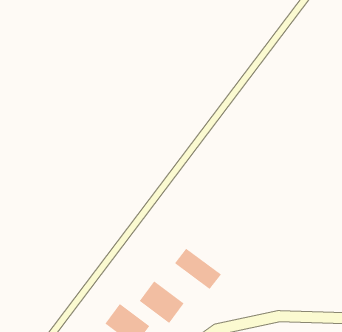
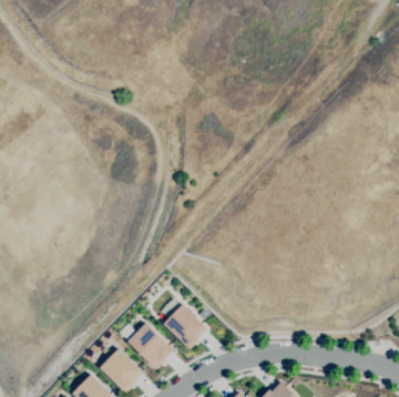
building: [174,248,222,290] -> none

